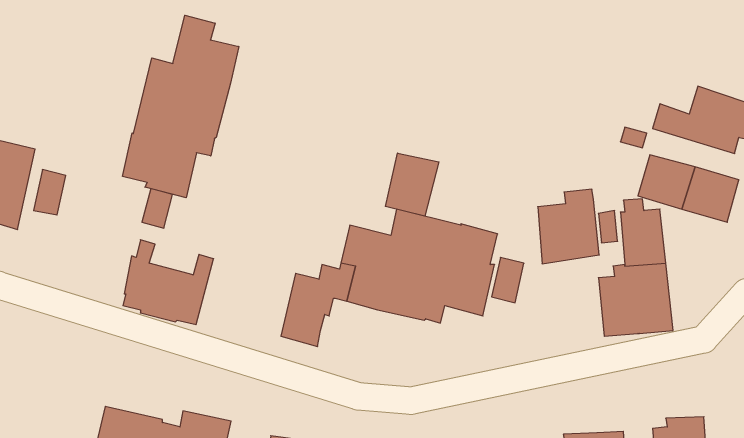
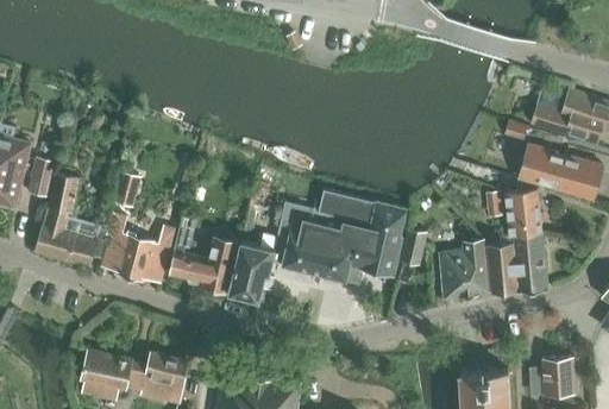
building: [123,15,239,198] -> none
building: [385,153,439,216] -> none
building: none -> [34,172,108,266]
building: [538,189,599,264] -> [440,239,490,300]
building: none -> [169,233,237,292]

